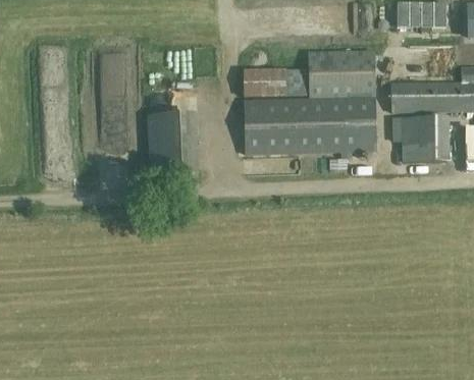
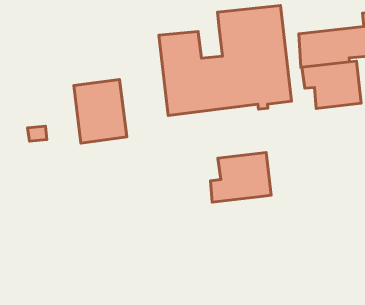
building: [284,68,308,98] -> none
building: none -> [210,153,271,202]

